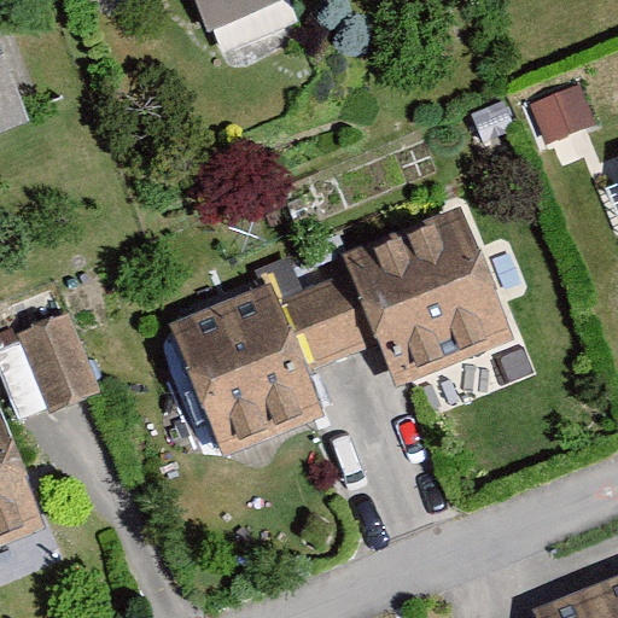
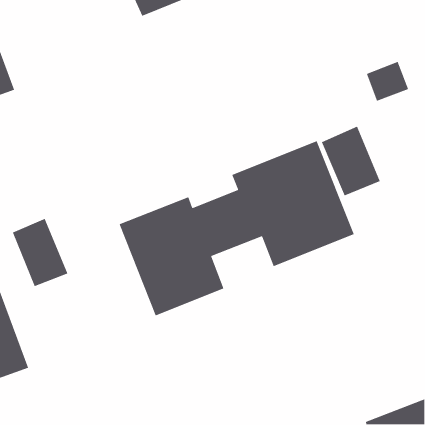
building: none -> [321,126,381,197]

